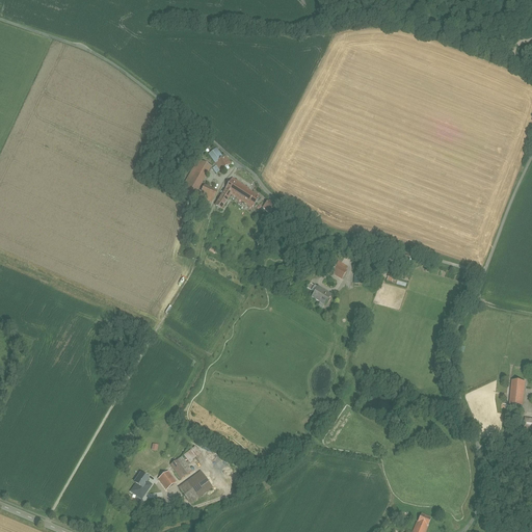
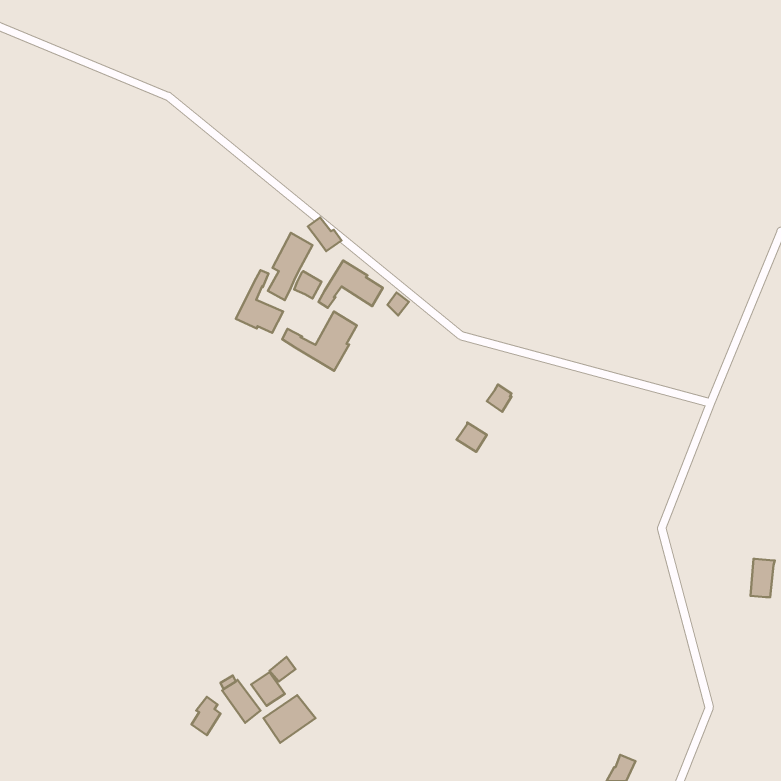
building: none -> [236,270,283,333]
building: none -> [282,311,357,371]

